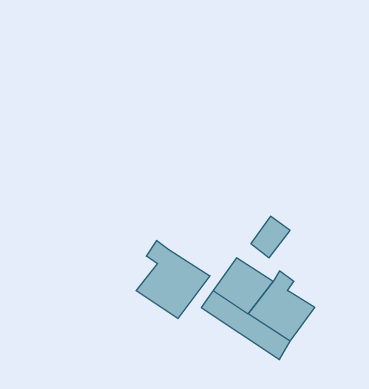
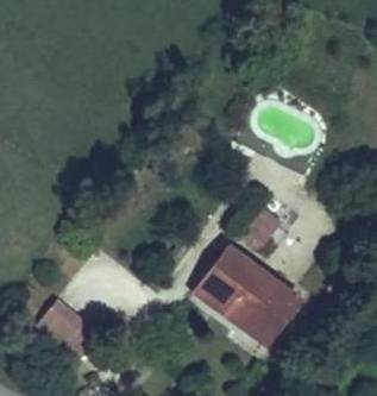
building: [136,240,210,319] -> none
building: none -> [39,301,101,357]

